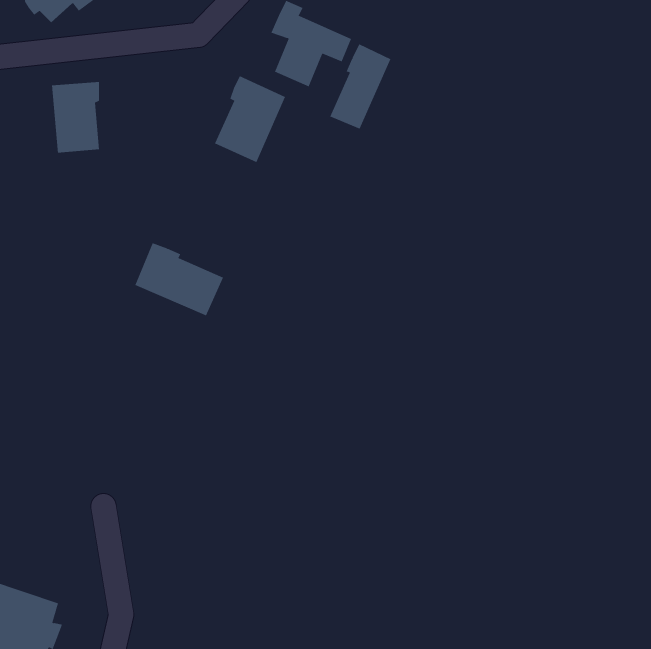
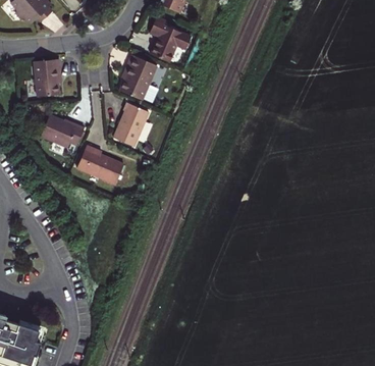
building: [330,44,391,130] -> none
building: none -> [113,103,149,147]
building: none -> [40,113,84,146]

